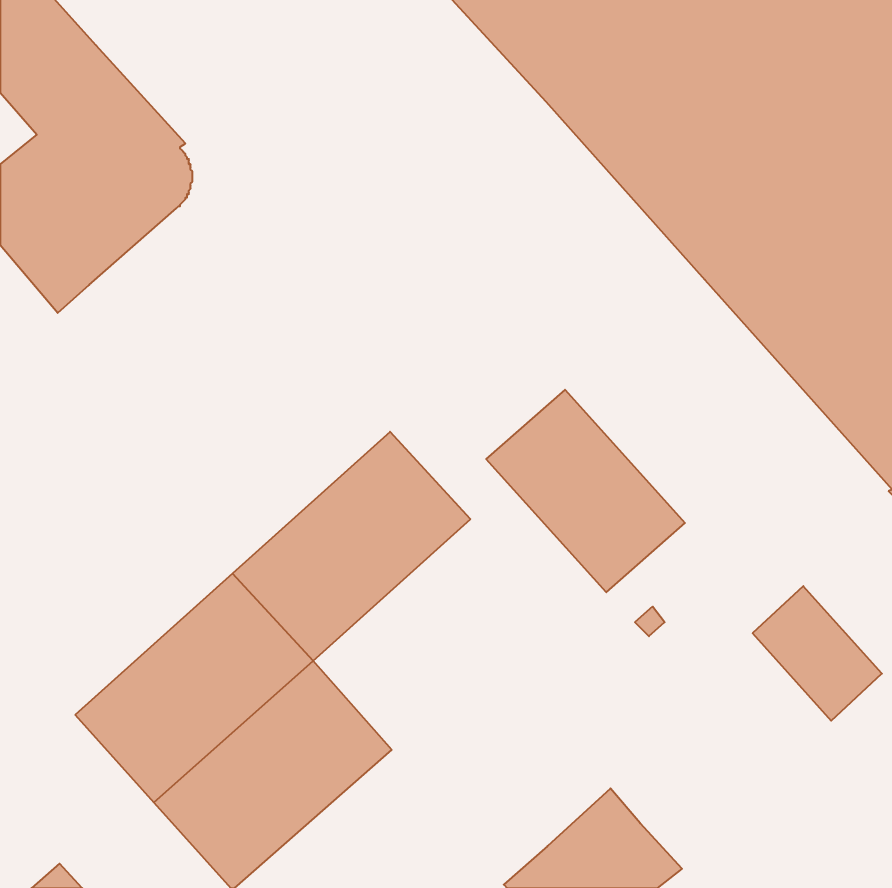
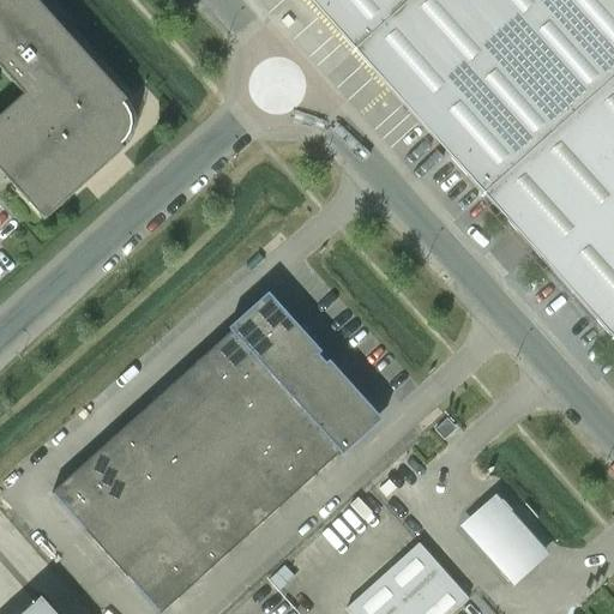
building: [486,390,685,592] -> none
building: none -> [216,356,378,514]
building: [753,586,882,721] -> [460,488,549,580]

